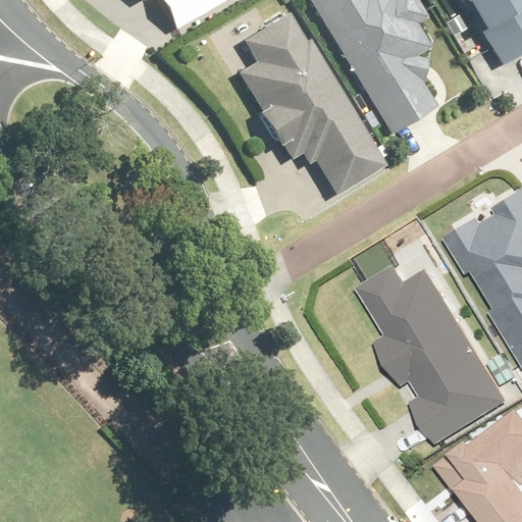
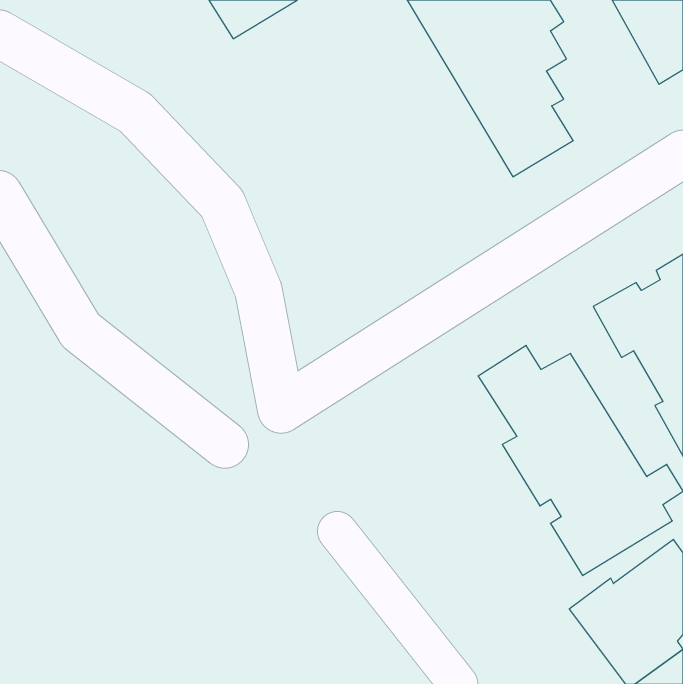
building: [241,11,386,195] -> none

